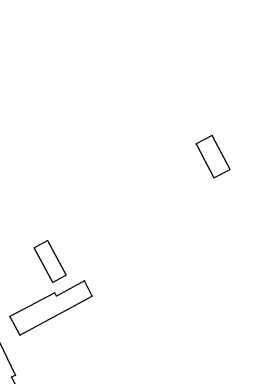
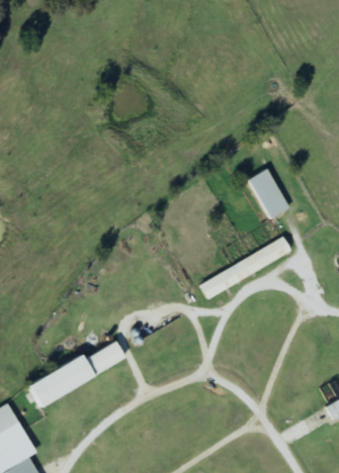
building: none -> [198,240,291,297]
building: [34,241,66,282] -> none

